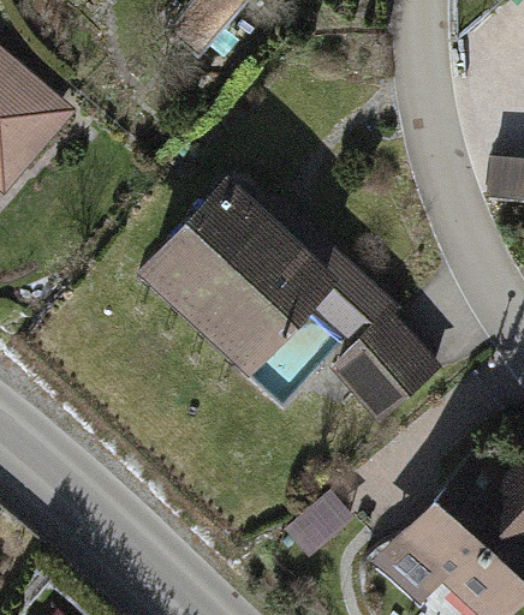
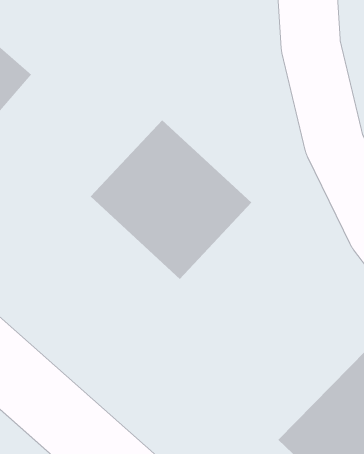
building: [323,306,433,416] -> none

